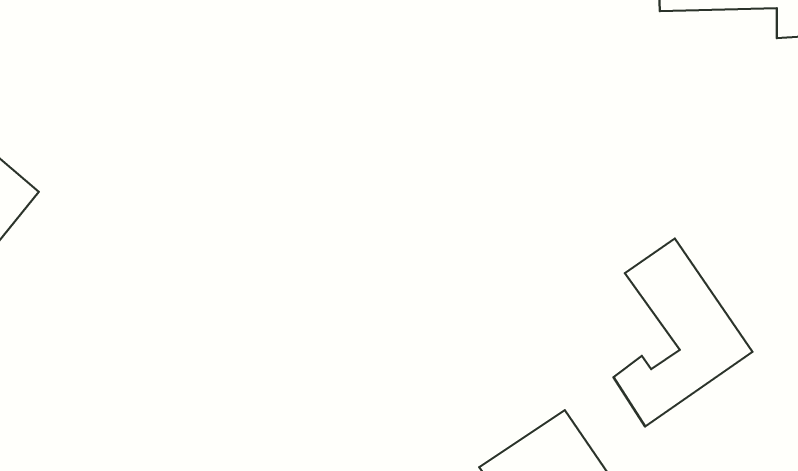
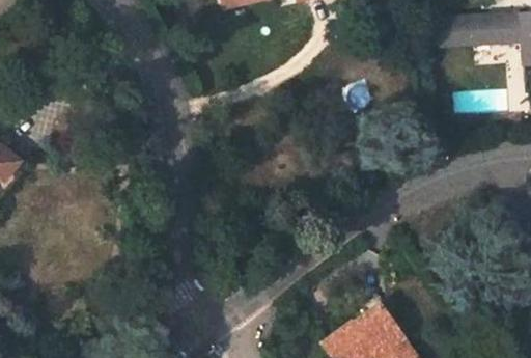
building: [614,239,752,426] -> none

